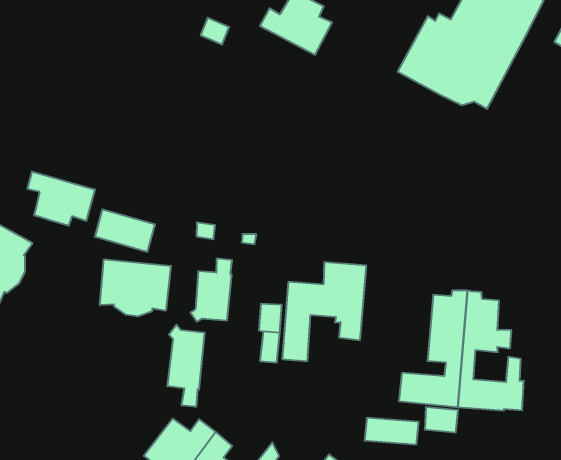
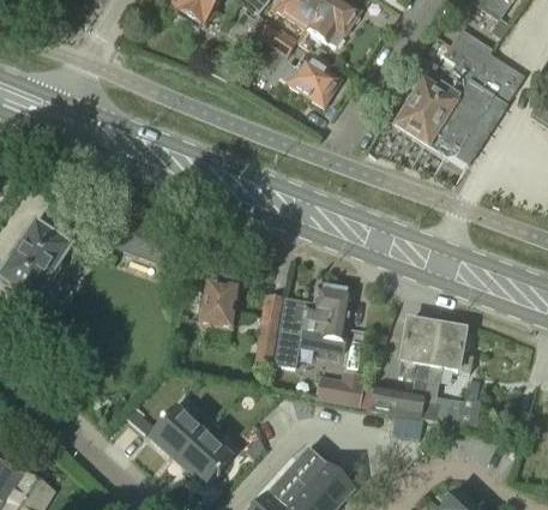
building: [28,171,95,226] -> none
building: [100,259,171,316] -> none
building: [167,325,204,407] -> none
building: [364,418,419,444] -> [314,373,362,400]

